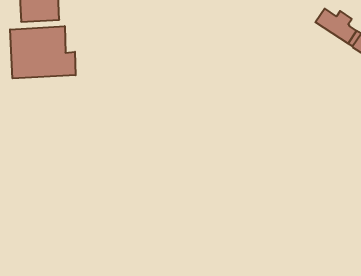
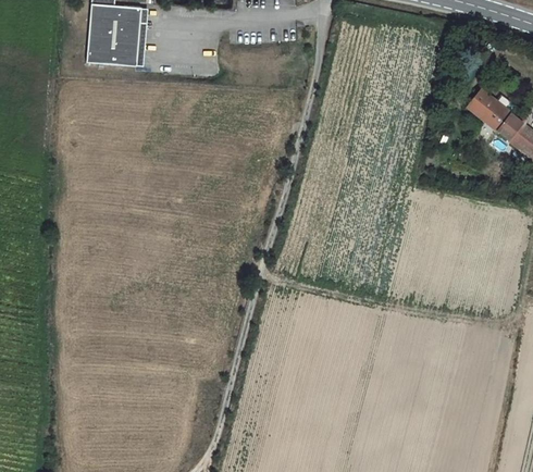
building: [10,26,76,78] -> none

